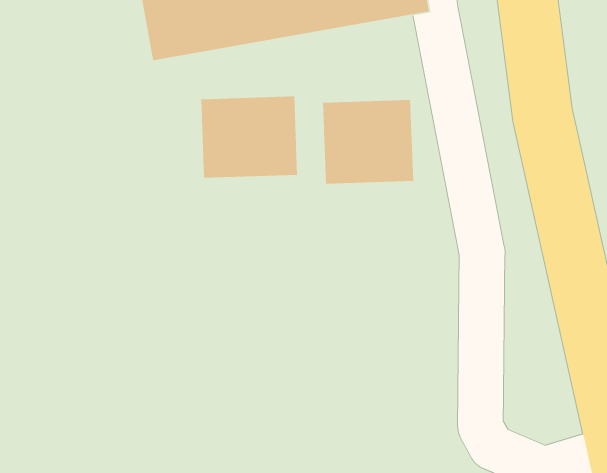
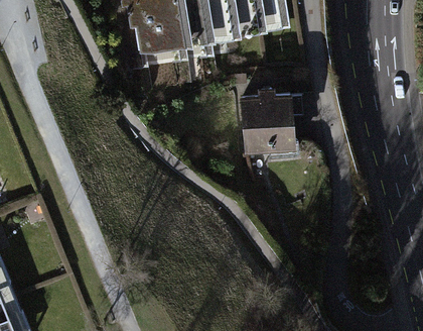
building: [200,96,298,179] -> none

